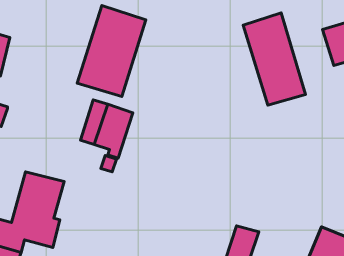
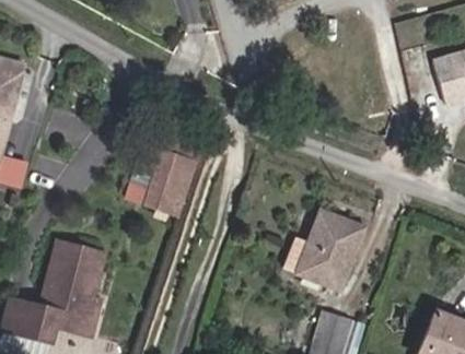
building: [77,6,146,97] -> none
building: [243,13,306,105] -> none
building: none -> [282,210,362,288]

